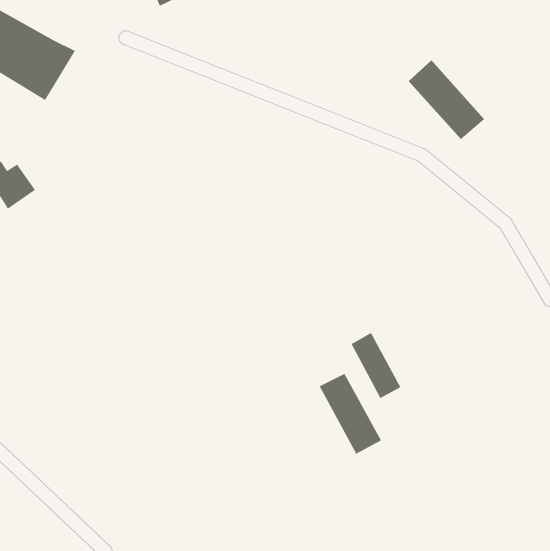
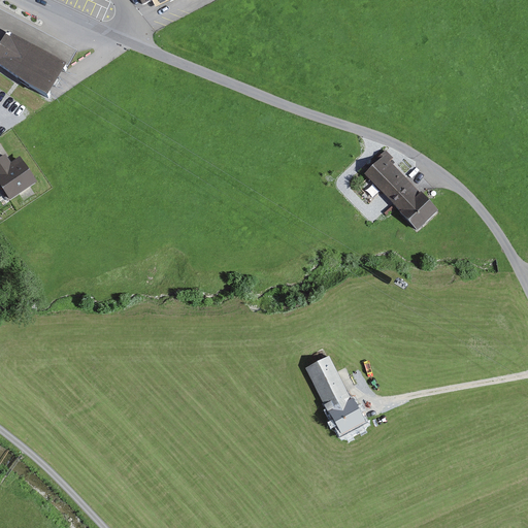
building: [408,59,485,140] -> [363,152,436,228]
building: [351,332,401,399] -> none

